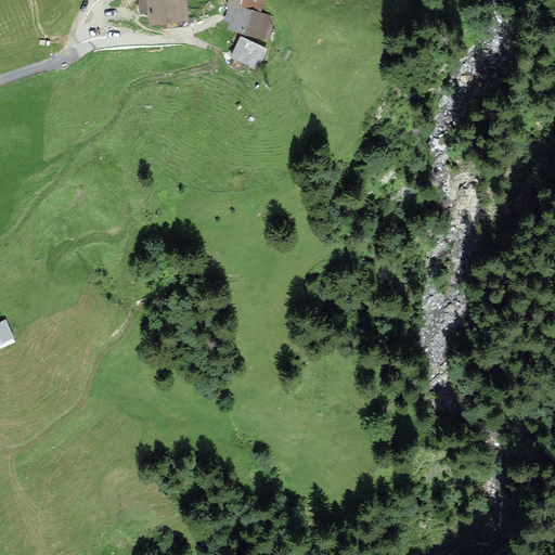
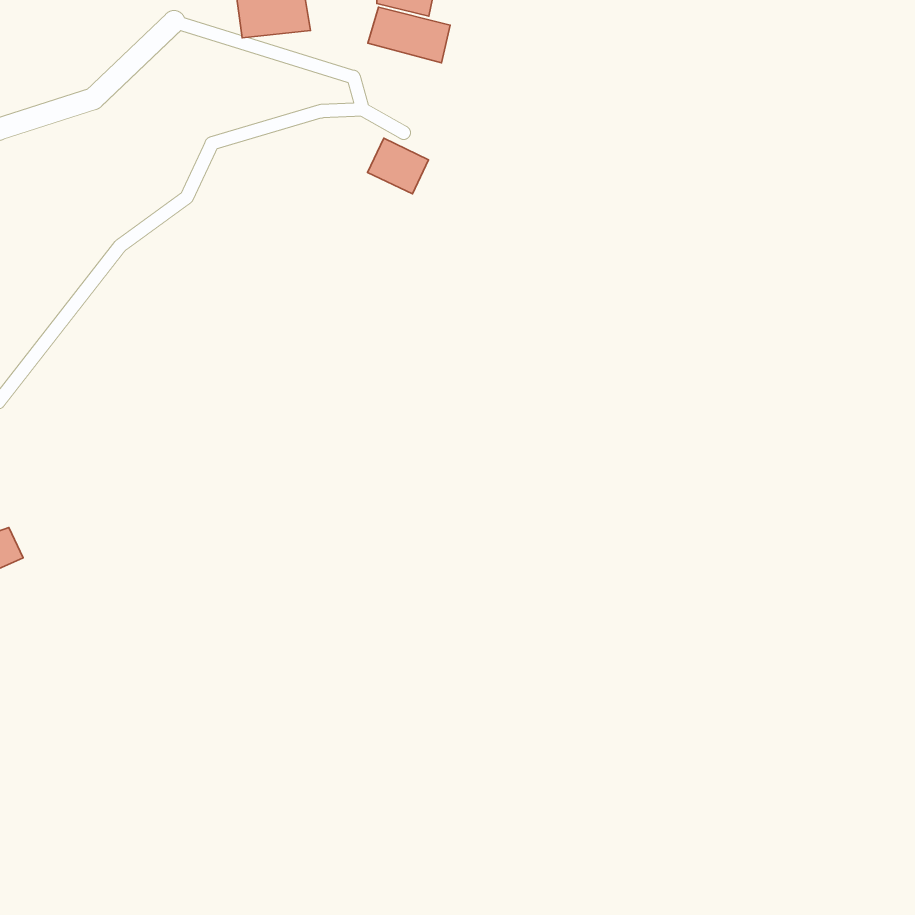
building: [230,36,267,69] -> [368,138,429,194]

